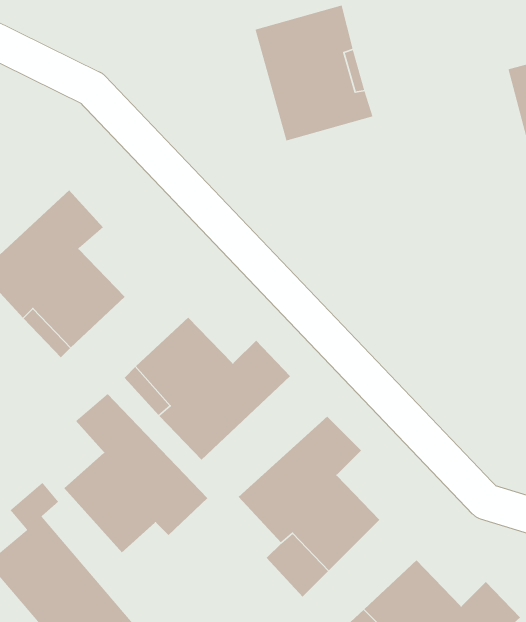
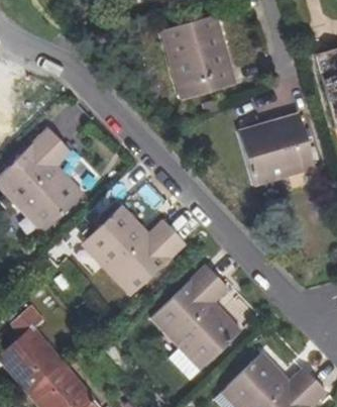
building: none -> [239,113,314,184]
building: [63,393,208,553] -> none

